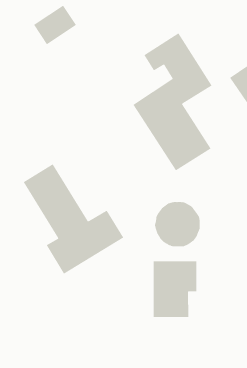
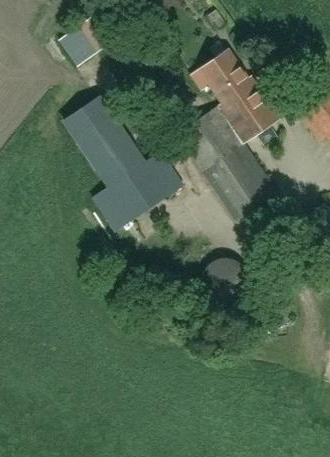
building: [23,164,124,275] -> [66,99,186,231]
building: [153,260,197,318] -> none

